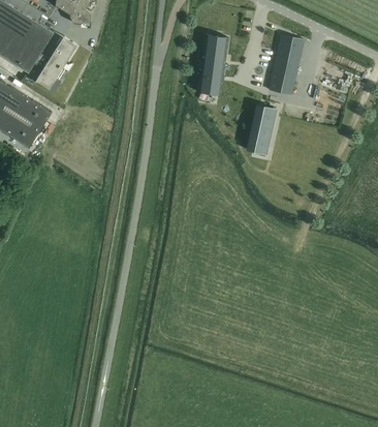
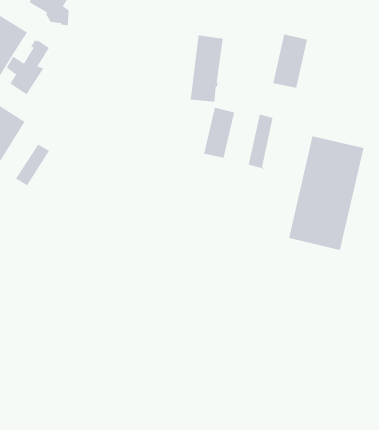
building: none -> [203,93,238,159]
building: none -> [288,135,364,251]
building: none -> [13,142,50,186]

